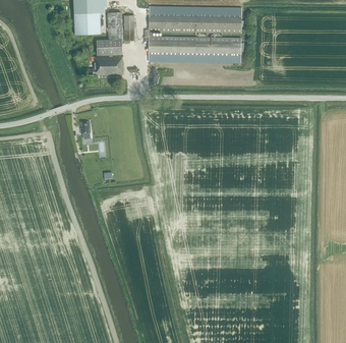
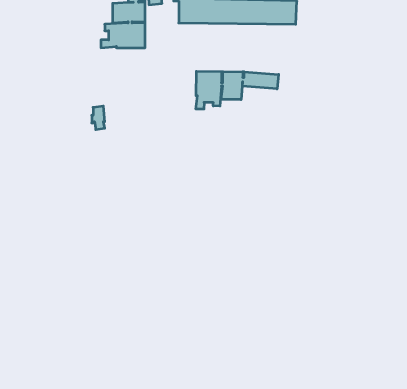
building: none -> [196,71,279,109]

